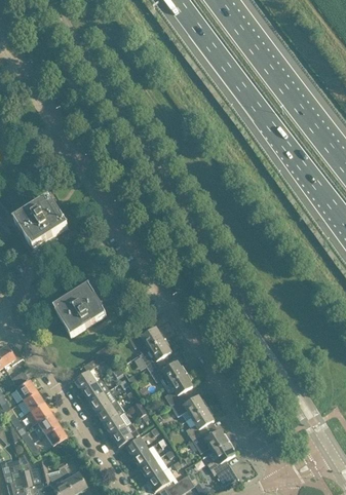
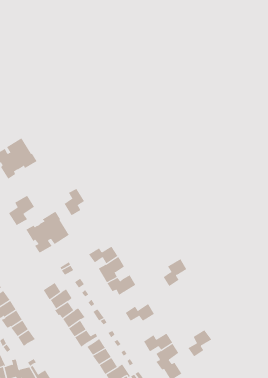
building: none -> [64,188,85,216]
building: none -> [8,195,35,226]
building: [164,373,193,406] -> [163,259,187,287]
building: [186,406,215,440] -> [188,328,212,357]

